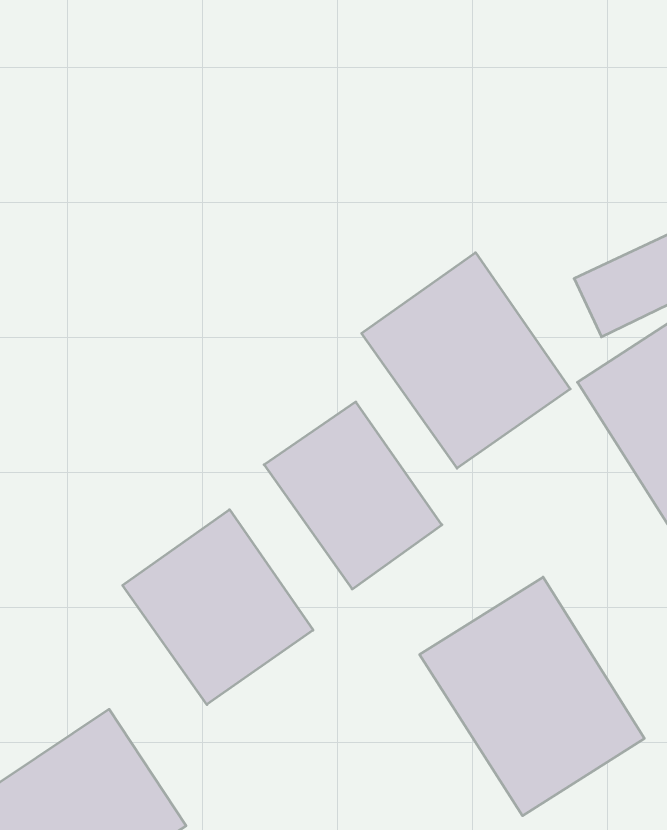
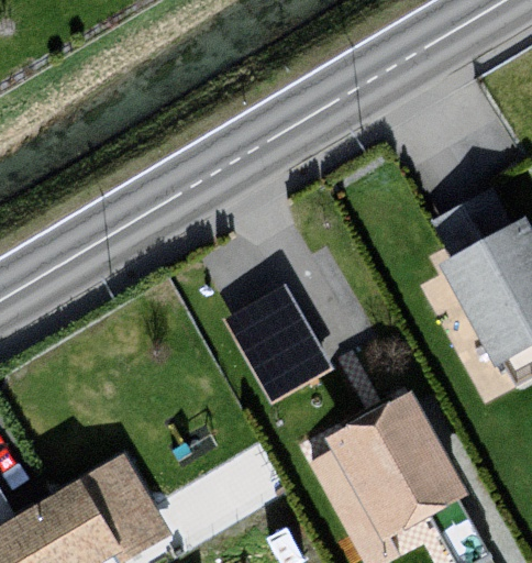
building: [362,253,570,468] -> none
building: [123,510,313,705] -> none

